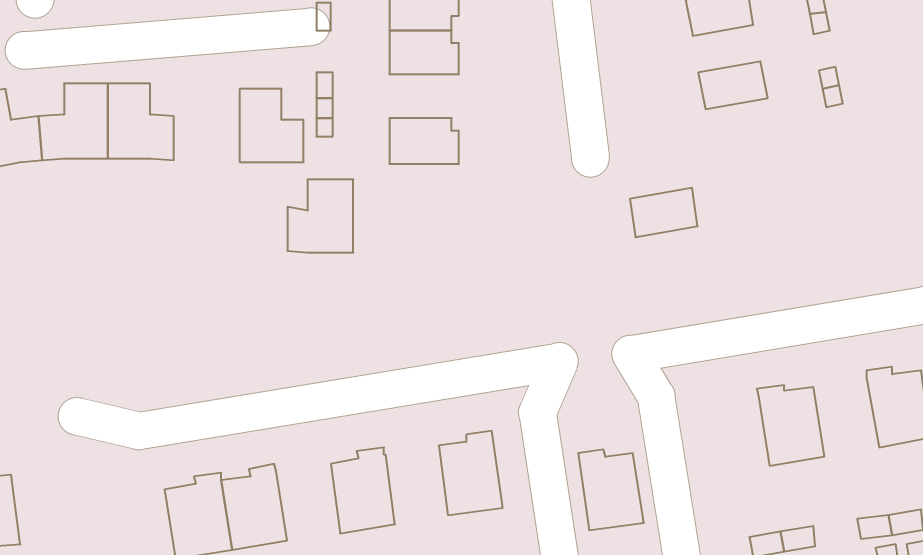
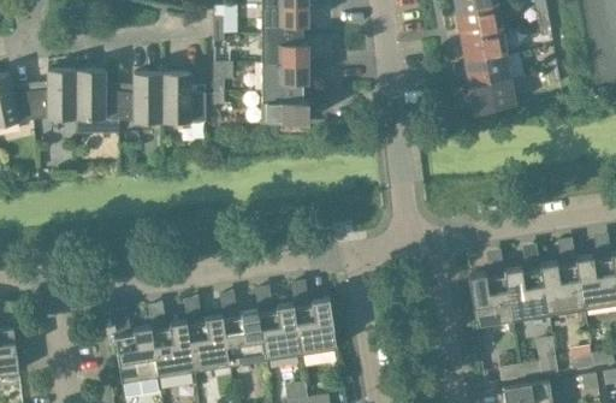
building: none -> [461,31,505,63]
building: none -> [261,64,307,93]
building: [287,179,353,253] -> [119,73,162,122]
building: [630,188,698,237] -> [469,79,514,112]
building: none -> [539,262,584,315]
building: none -> [259,303,300,360]
building: [578,450,644,530] -> [468,273,511,326]
building: none -> [186,315,229,371]

